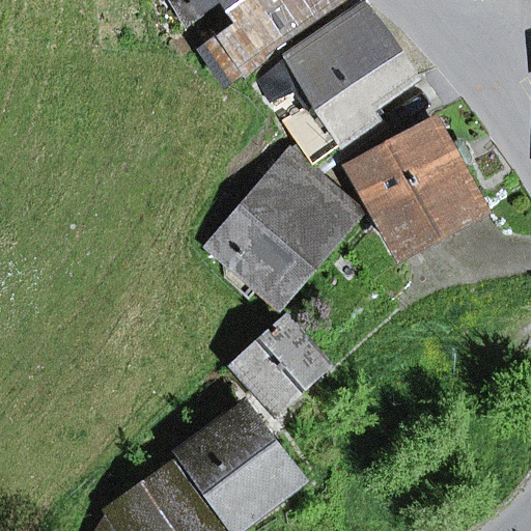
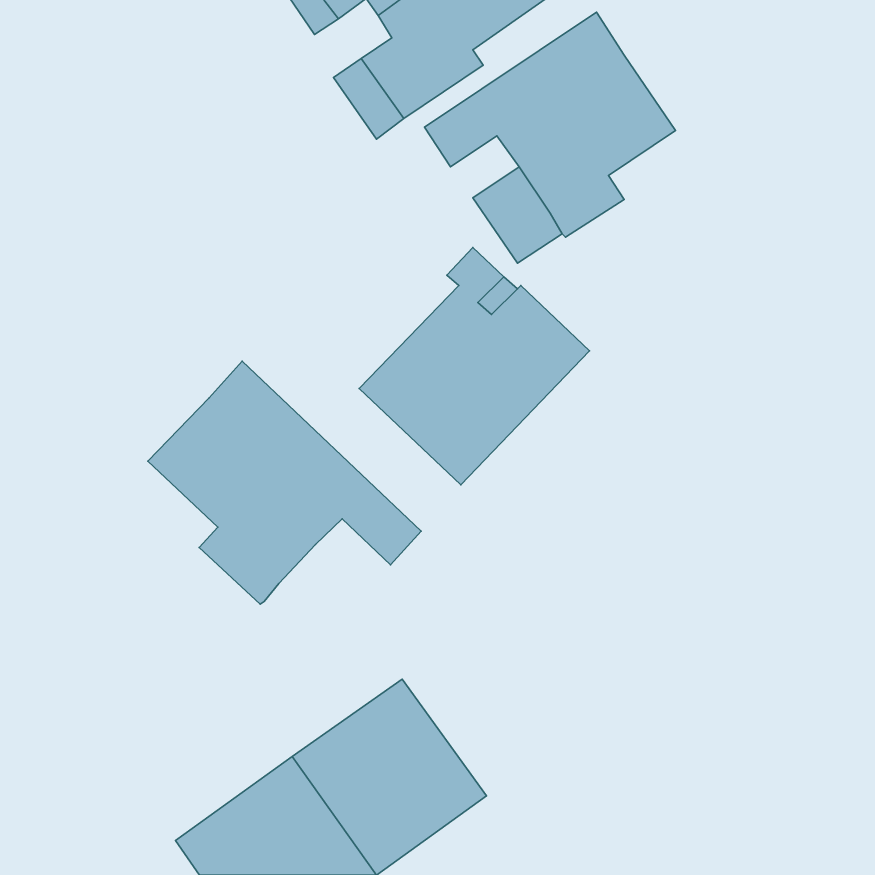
building: [350,119,479,253] -> none
building: none -> [148,361,421,604]
building: [234,318,324,408] -> none

